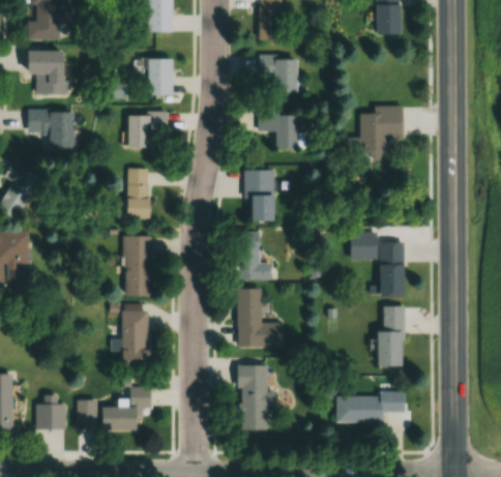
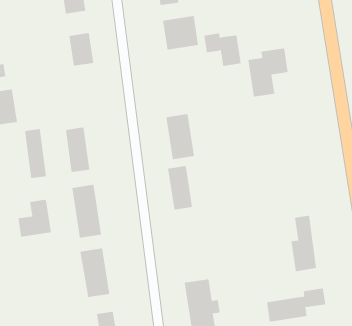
building: [259,110,298,149] -> [203,33,242,66]
building: [127,112,168,147] -> none
building: none -> [24,128,47,179]
building: [343,230,396,302] -> none
building: none -> [18,199,51,238]
building: [237,288,283,347] -> none

